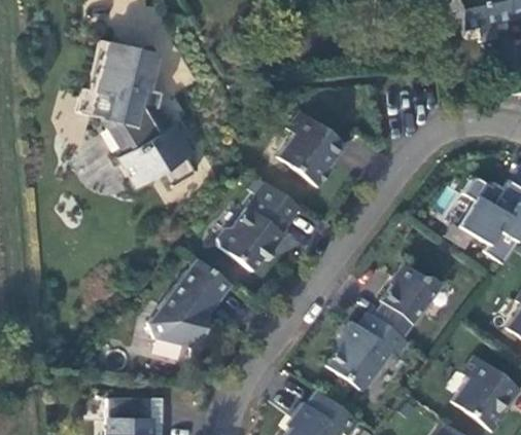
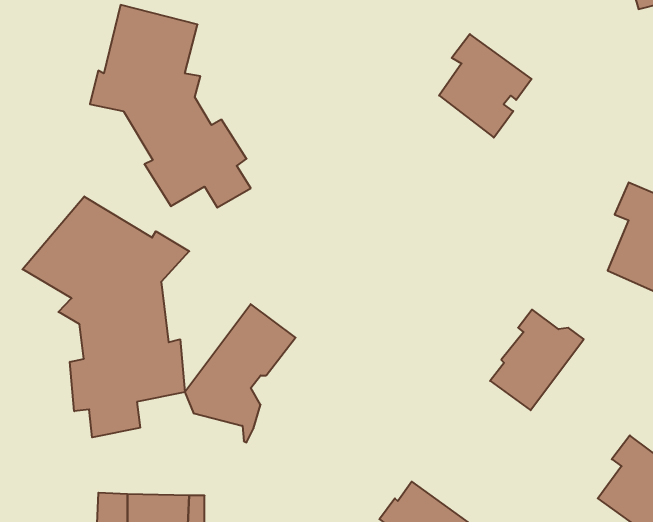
building: [280,111,348,187] -> [439,34,532,138]
building: none -> [22,196,189,437]
building: [219,185,301,269] -> none
building: [326,311,411,389] -> none

